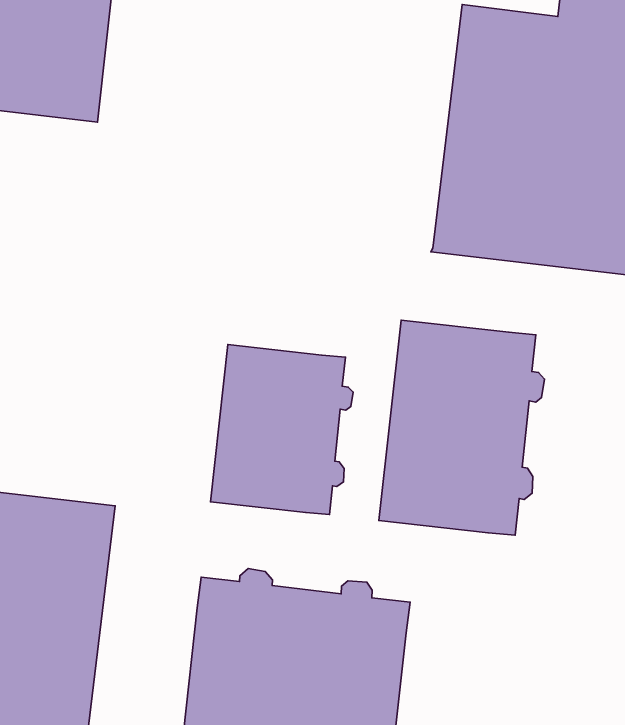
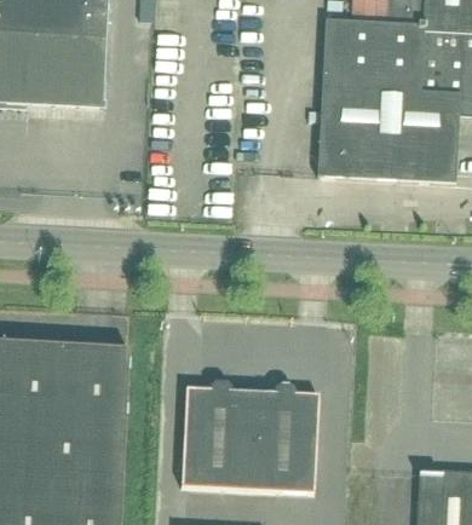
building: [379,320,544,535] -> none
building: [210,345,353,515] -> none

